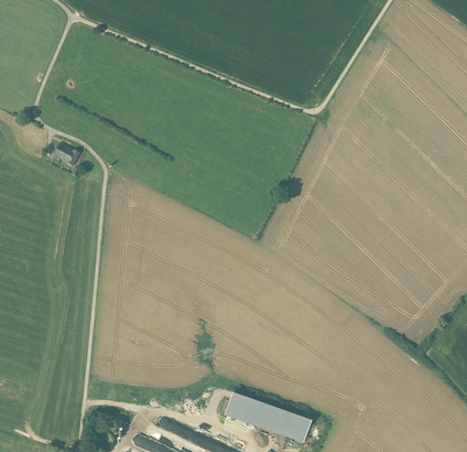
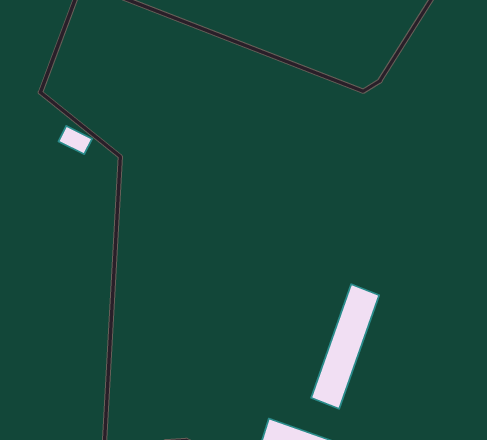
building: none -> [311,284,379,409]

